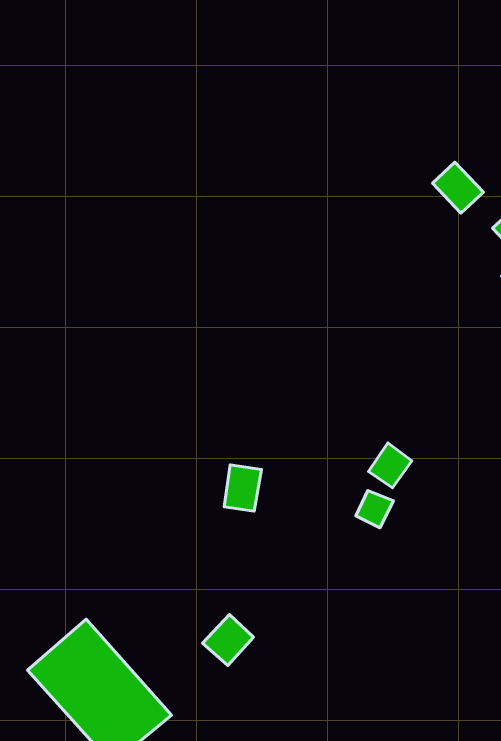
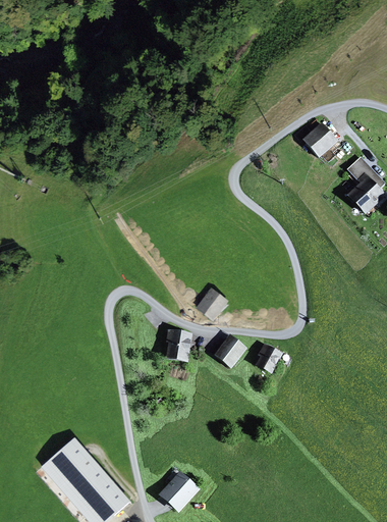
building: none -> [199,288,226,316]
building: [368,443,412,488] -> [216,334,245,365]
building: [202,615,253,666] -> [160,474,195,509]

